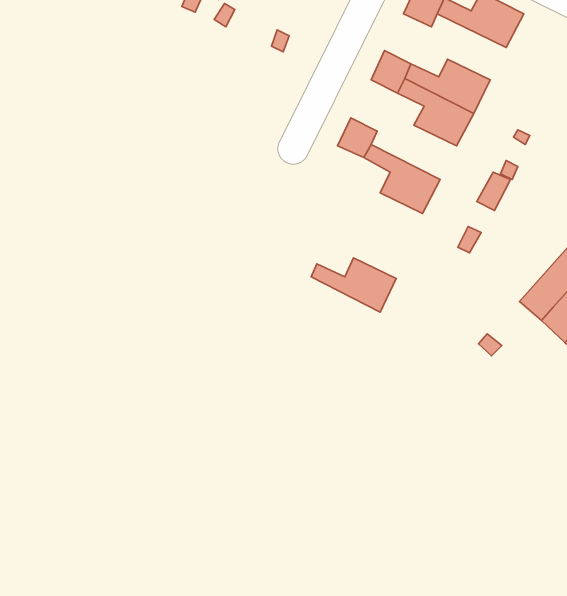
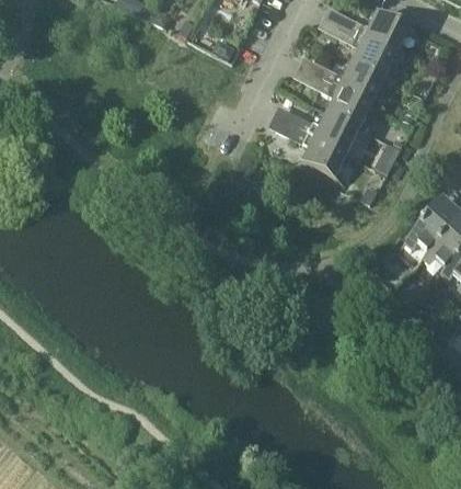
building: none -> [344,25,400,75]
building: [311,258,396,312] -> [299,109,362,149]

